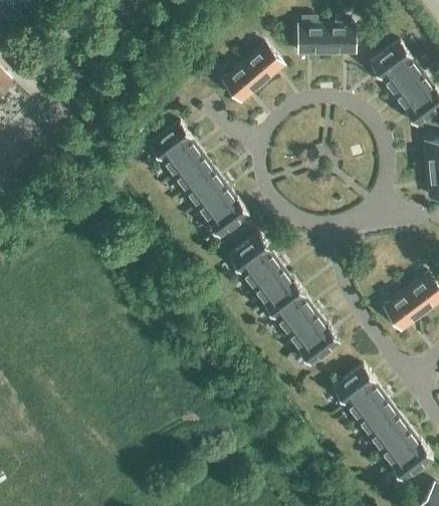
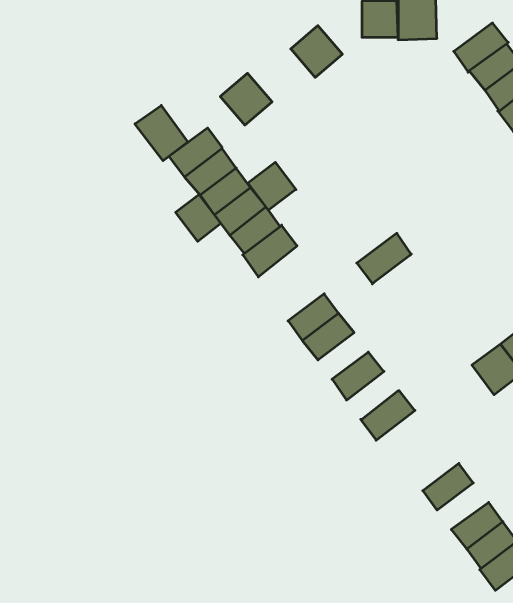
building: [222,61,262,101] -> [220,73,272,125]
building: none -> [135,105,188,161]
building: none -> [248,162,296,210]
building: none -> [176,194,221,241]
building: [228,234,270,273] -> [357,233,411,284]
building: [263,280,304,318] -> none
building: [286,311,326,348] -> none
building: [333,365,375,404] -> none
building: [357,398,397,434] -> none

